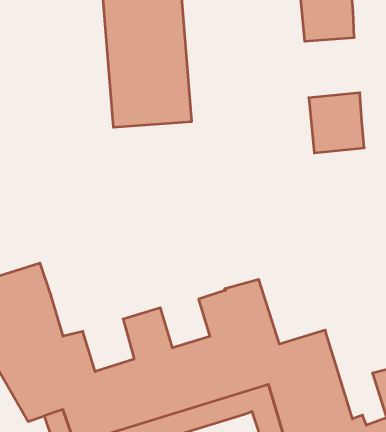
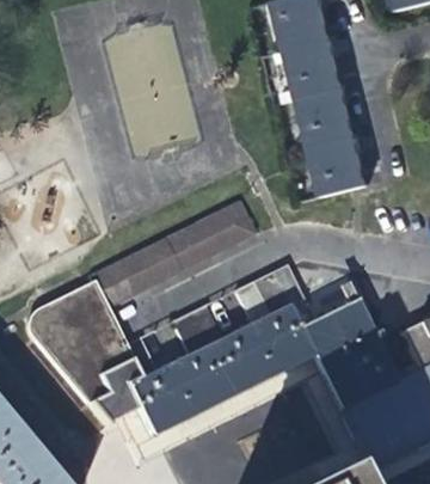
building: none -> [285,41,342,100]
building: none -> [311,136,367,196]
building: none -> [82,206,252,312]

